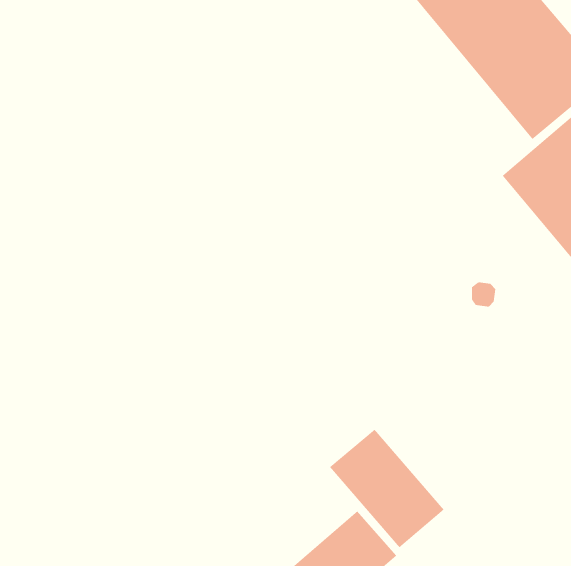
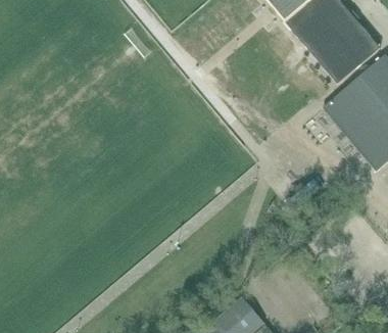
building: [329,429,445,548] -> none

